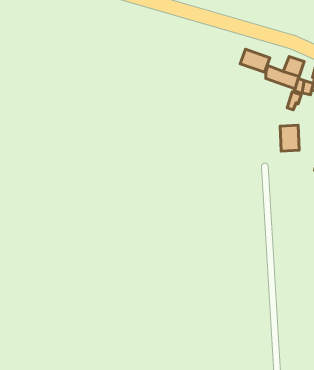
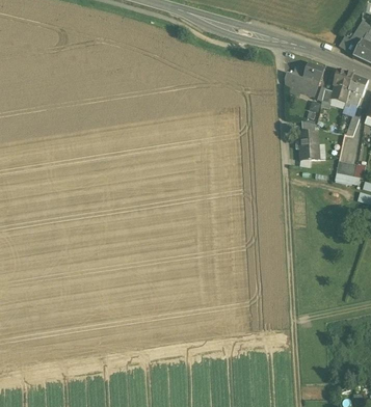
building: [240,49,270,72] -> none

